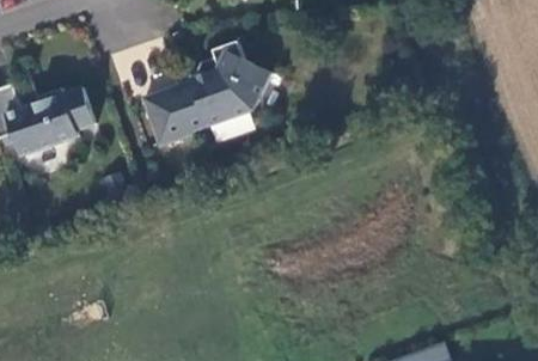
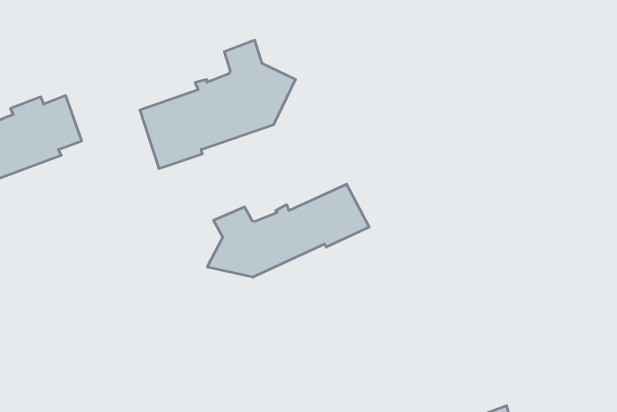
building: none -> [207,184,369,277]

